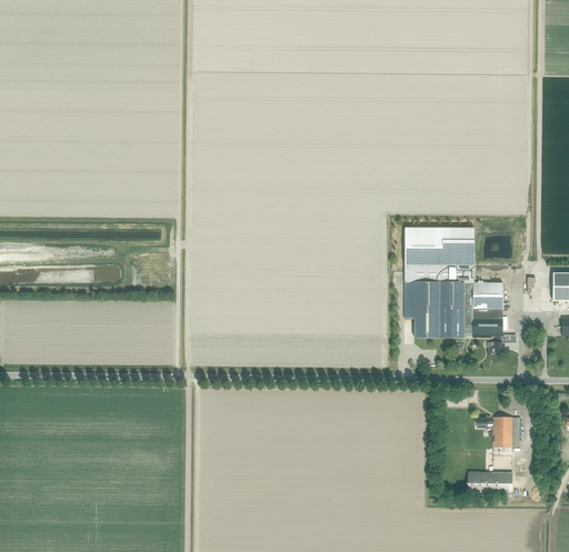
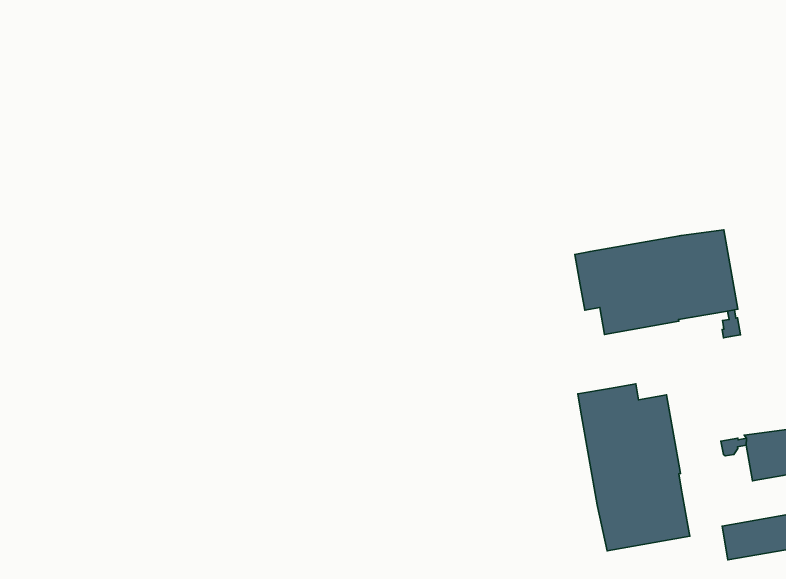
building: [403,228,473,281] -> none
building: none -> [578,384,690,551]

